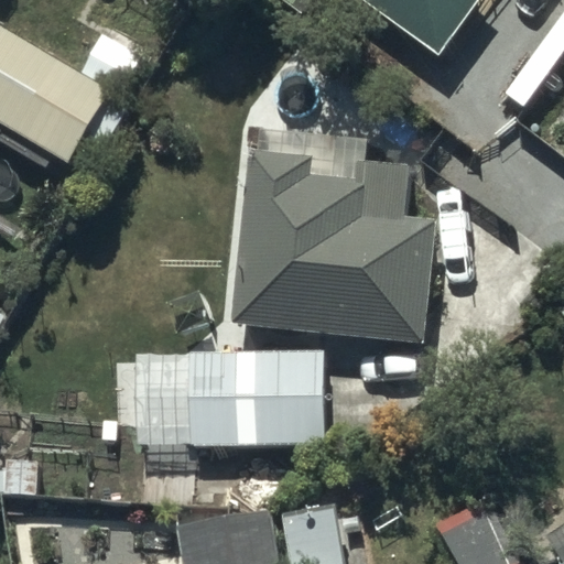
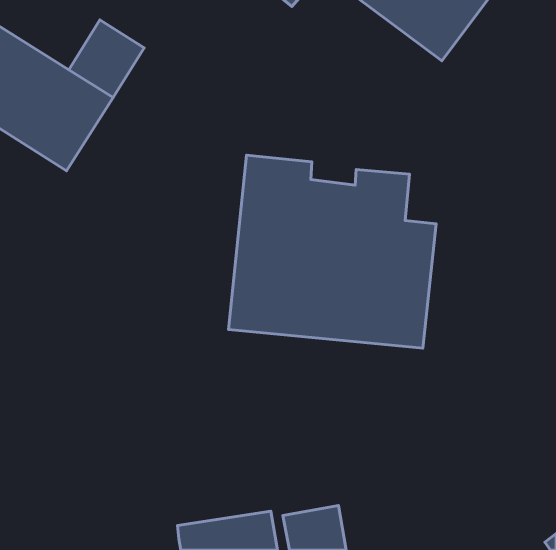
building: [135,346,332,445] -> none

